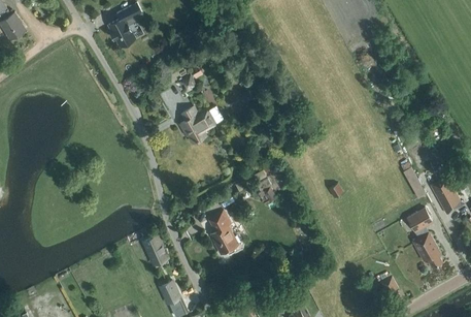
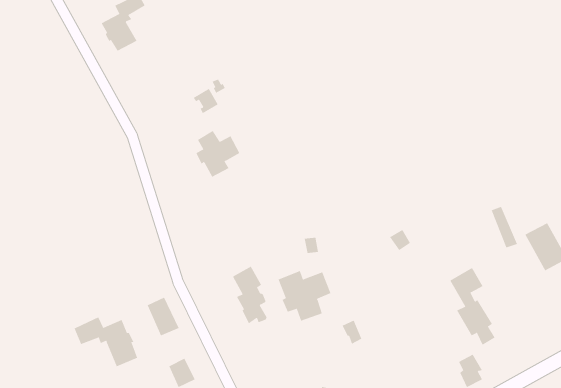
building: [407,209,442,268] -> [450,267,496,346]
building: none -> [278,270,331,322]
building: none -> [74,316,138,367]

